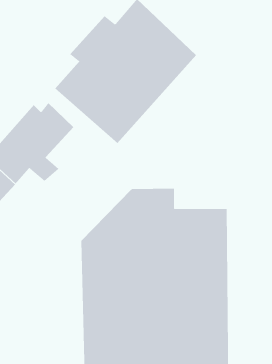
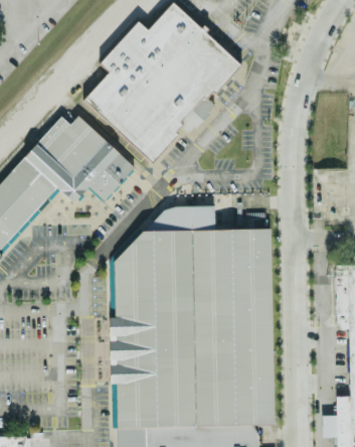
building: none -> [74,142,133,201]

